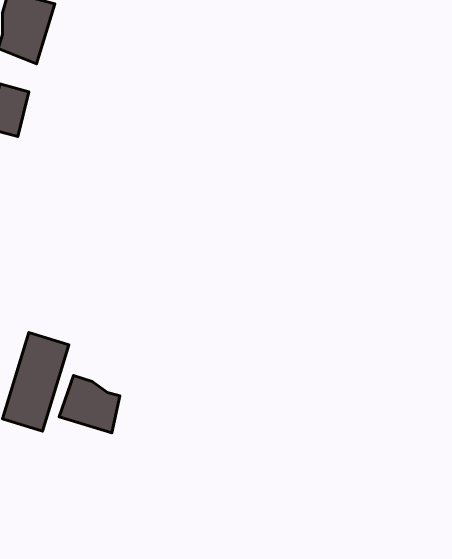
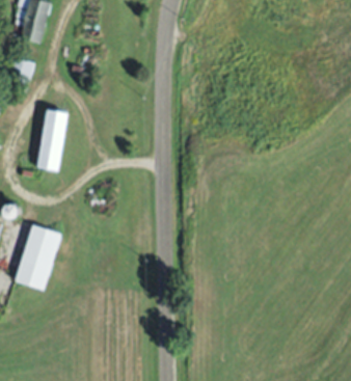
building: none -> [39,110,68,171]
building: [59,376,120,433] -> none

